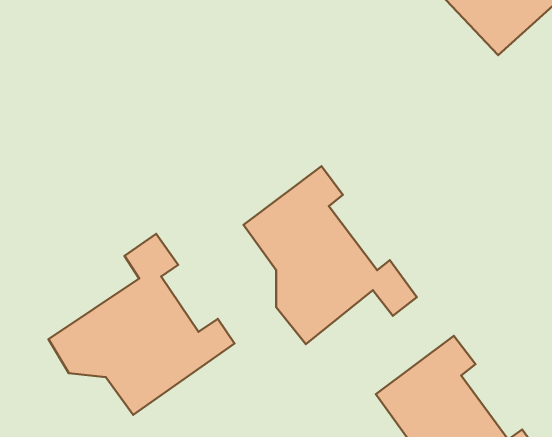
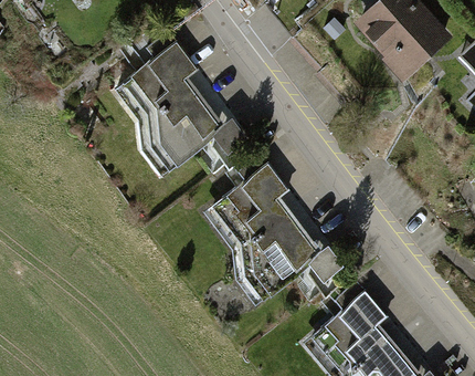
building: none -> [117,42,244,177]
building: [48,234,234,415] -> none

